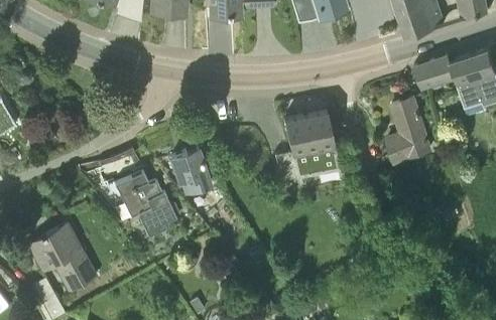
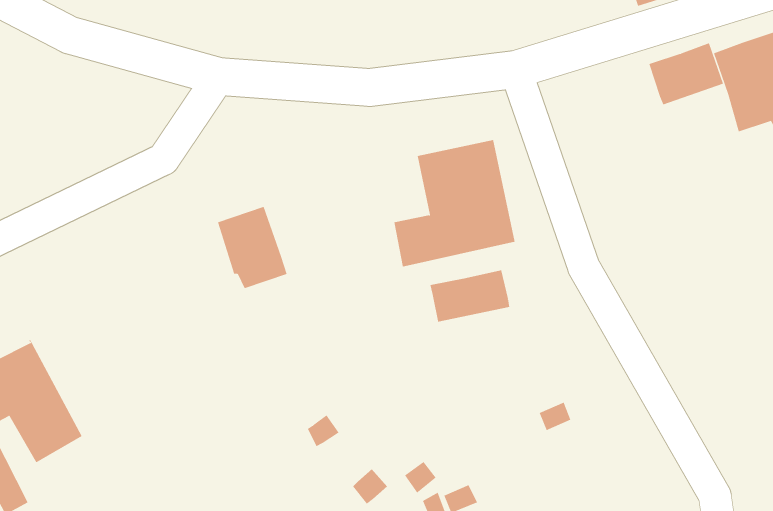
building: [388,98,430,161] -> none
building: [99,148,177,236] -> none
building: none -> [430,270,510,322]

